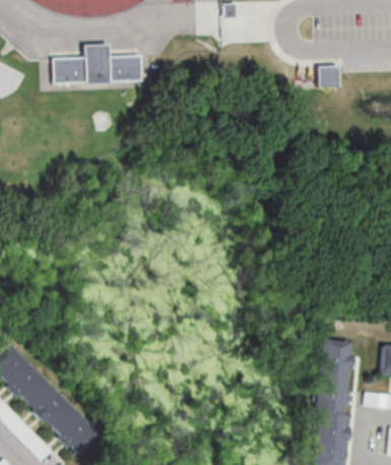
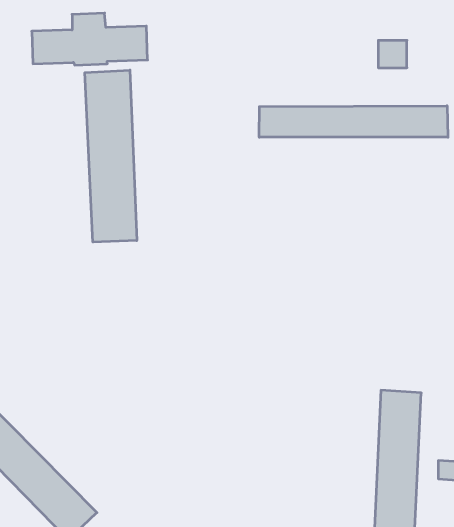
building: none -> [85,70,137,242]
building: none -> [259,106,448,137]

